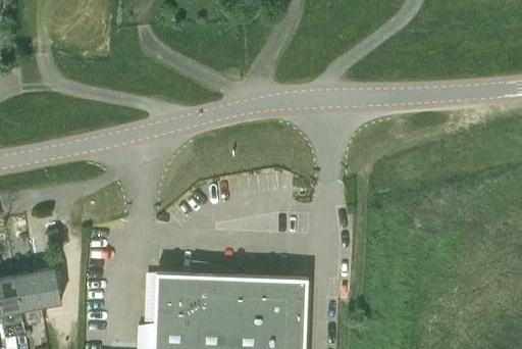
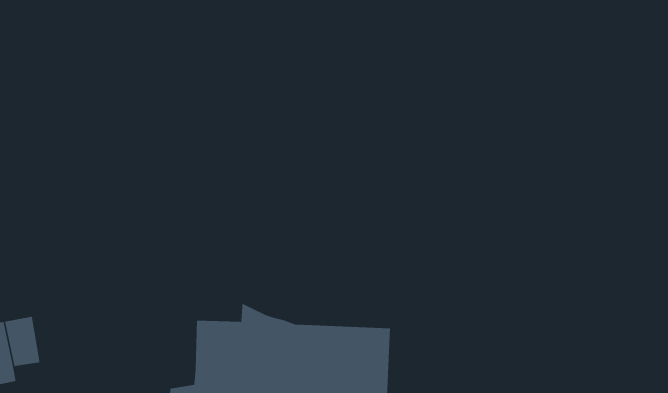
building: [34,267,61,307] -> none

